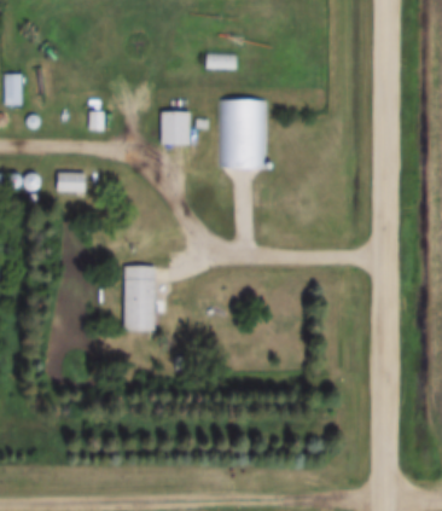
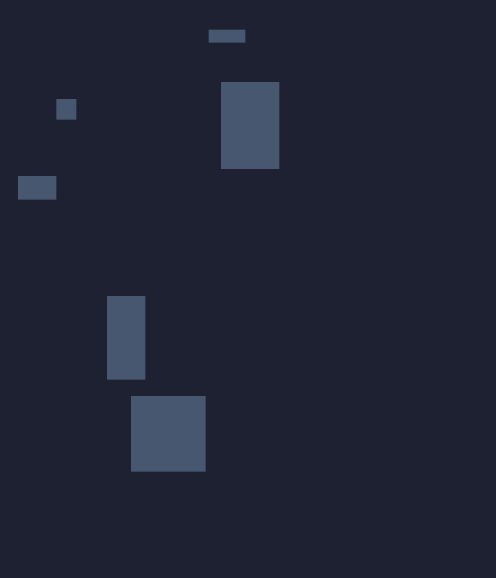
building: [161,111,191,144] -> none
building: none -> [131,395,206,473]

